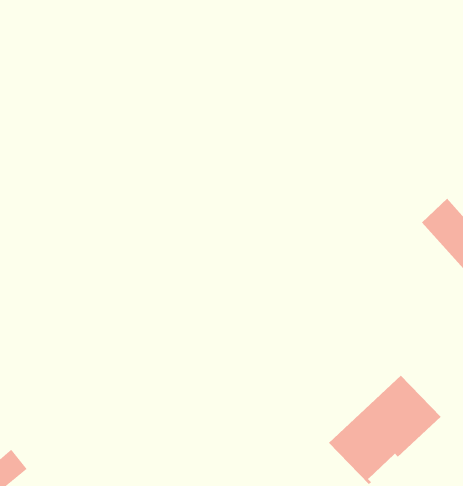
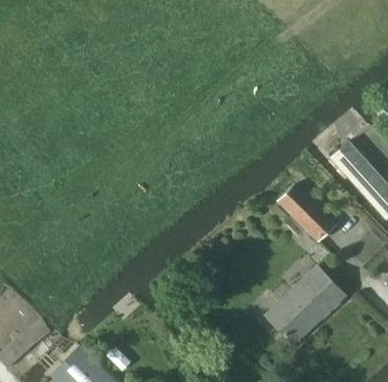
building: none -> [277,184,337,243]

